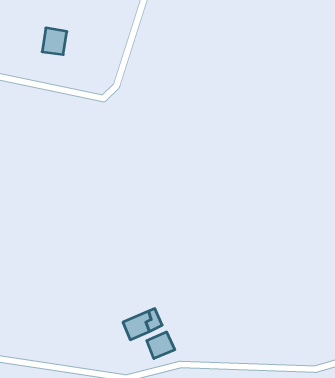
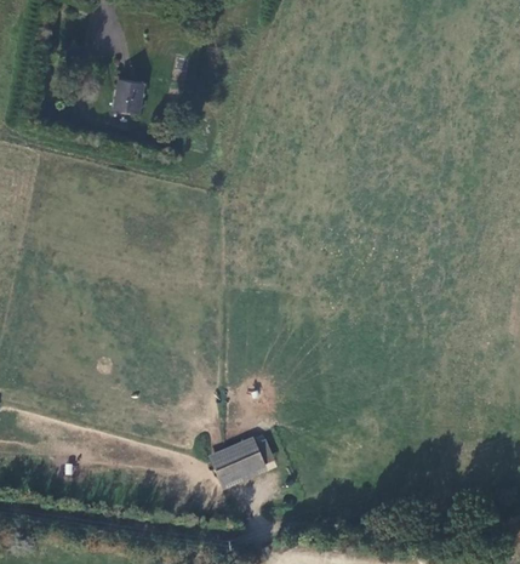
building: [147,332,175,359] -> none

